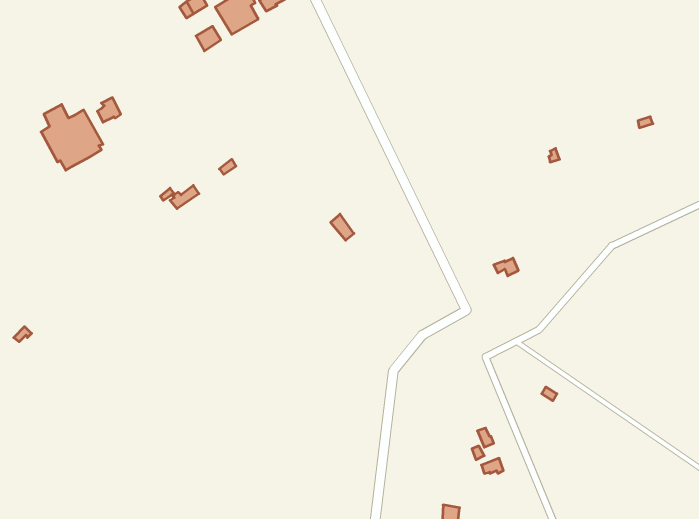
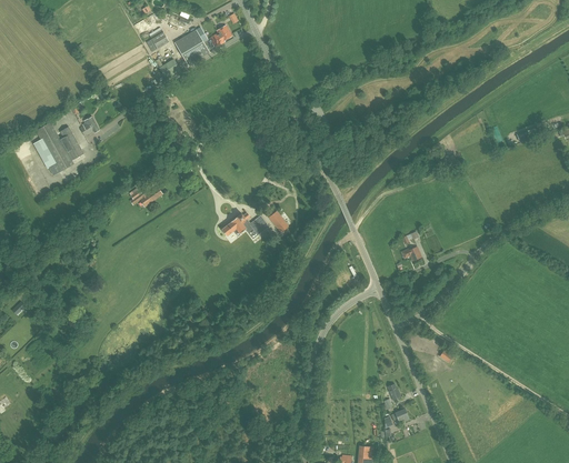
building: none -> [221,212,268,235]

